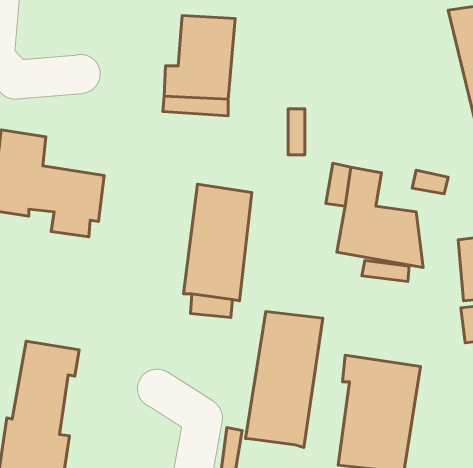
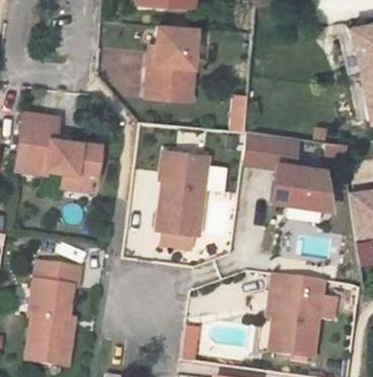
building: [246,311,323,447] -> none

